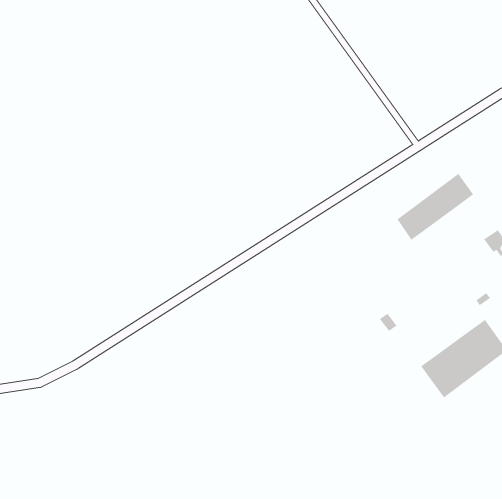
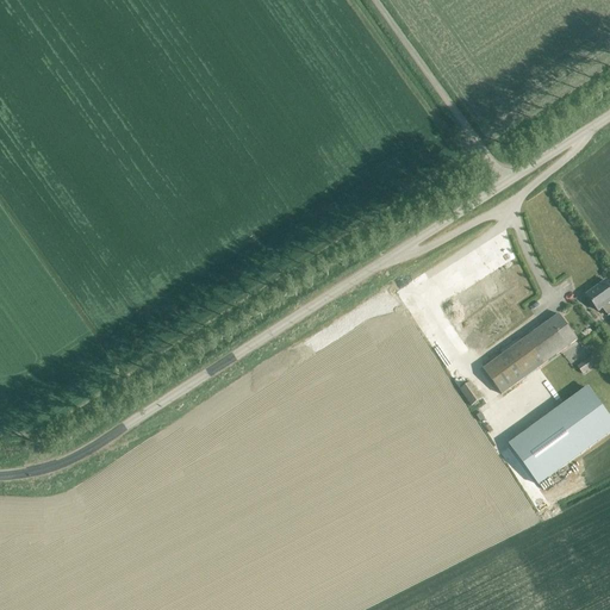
building: [397,173,474,241] -> [484,310,578,392]

